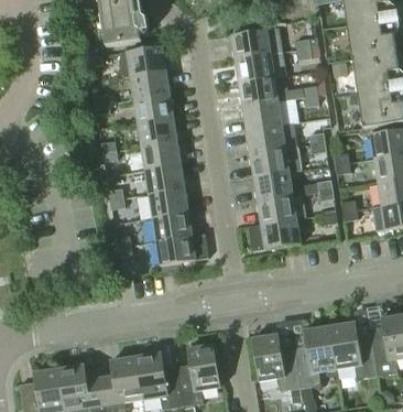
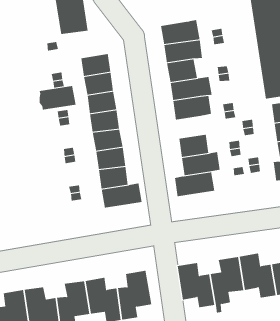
building: [119,45,166,76] -> [39,86,76,110]
building: [250,148,290,176] -> none

